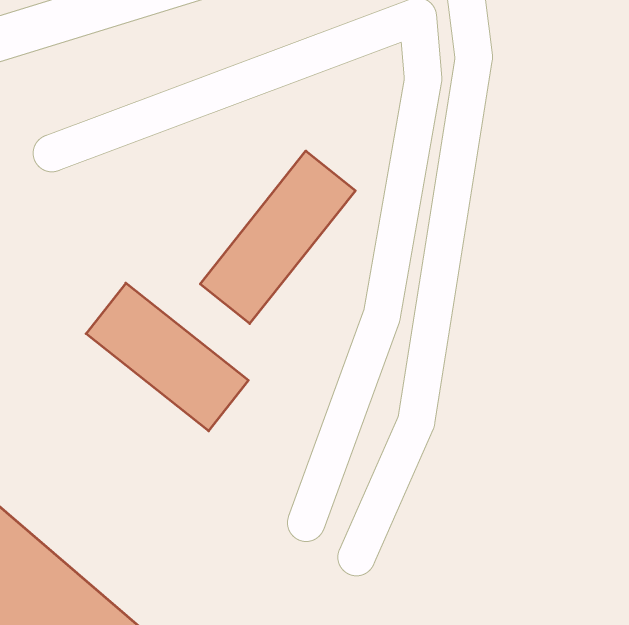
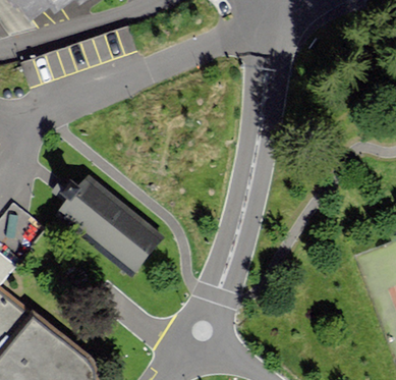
building: [200,151,355,324] -> none

